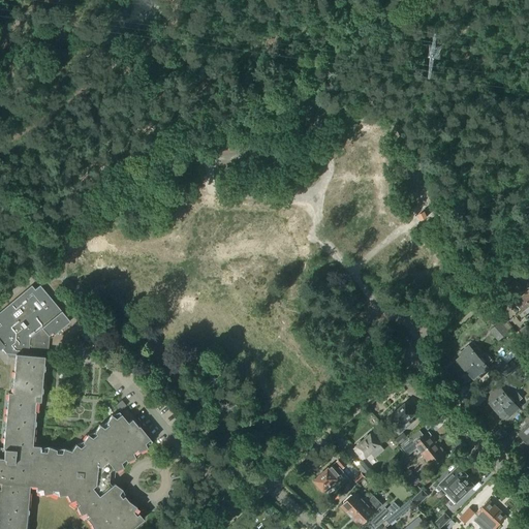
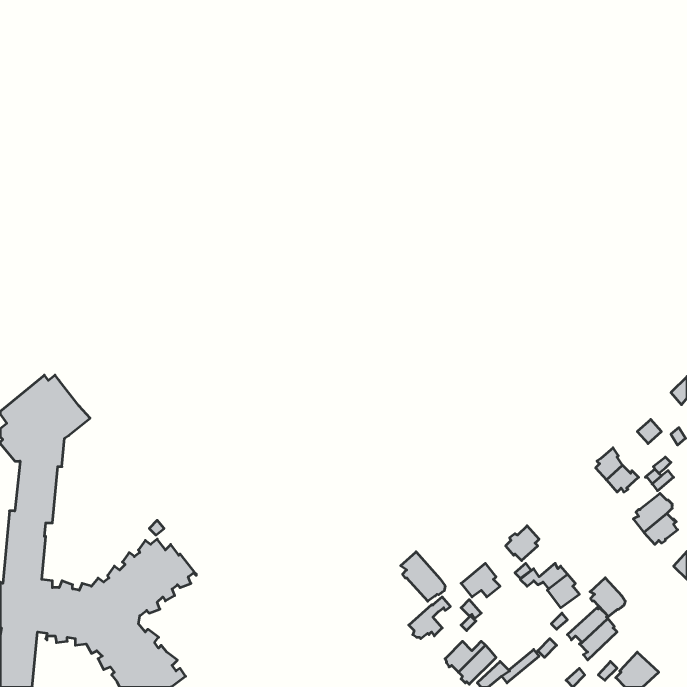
building: none -> [401,552,445,601]
building: none -> [590,578,625,617]

